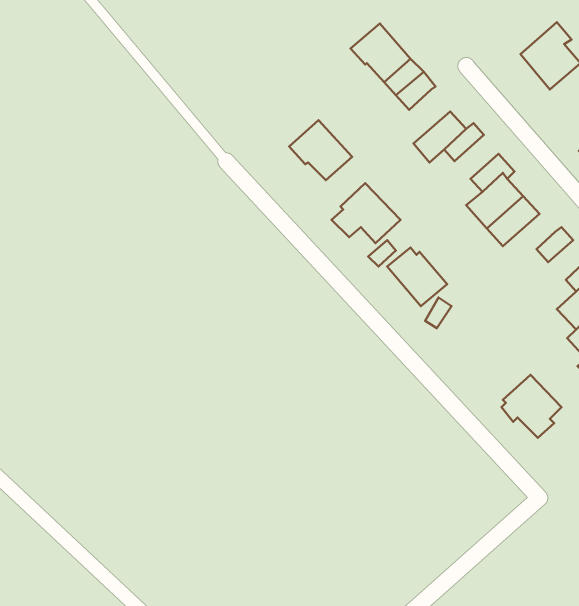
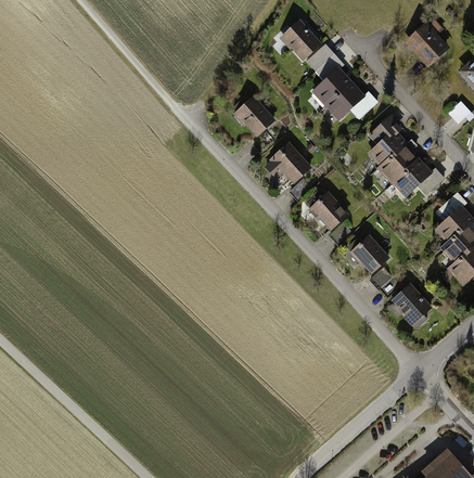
building: none -> [311,68,353,108]
building: none -> [392,160,431,197]
building: none -> [349,231,394,272]

